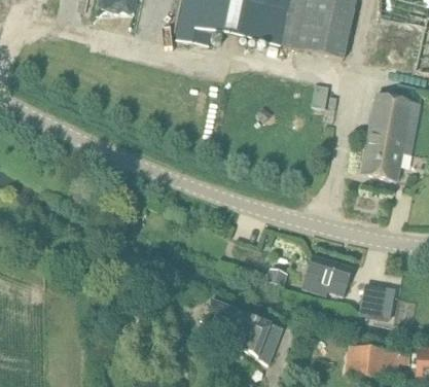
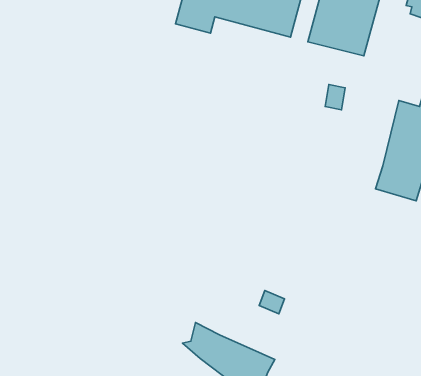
building: [302,254,353,294] -> none
building: [360,284,391,318] -> none

